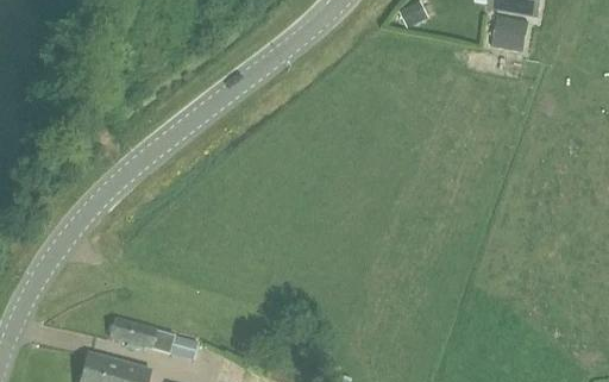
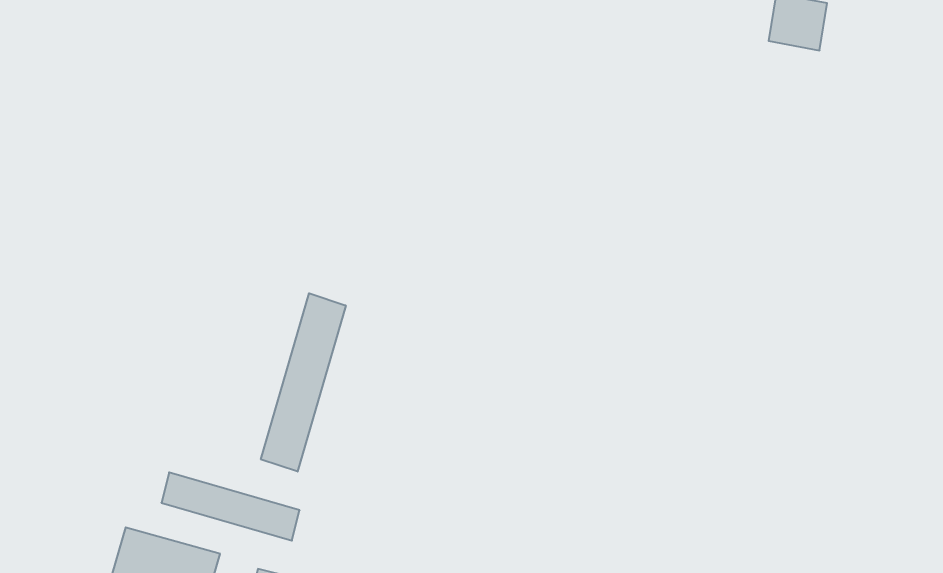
building: none -> [261,293,346,472]

